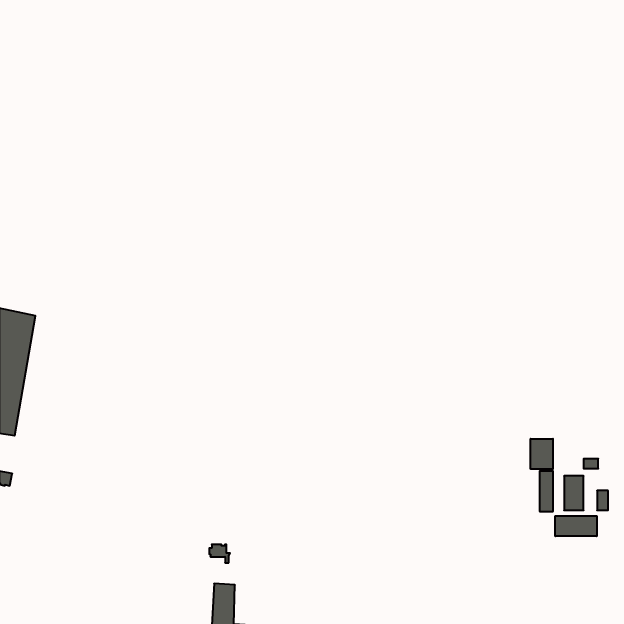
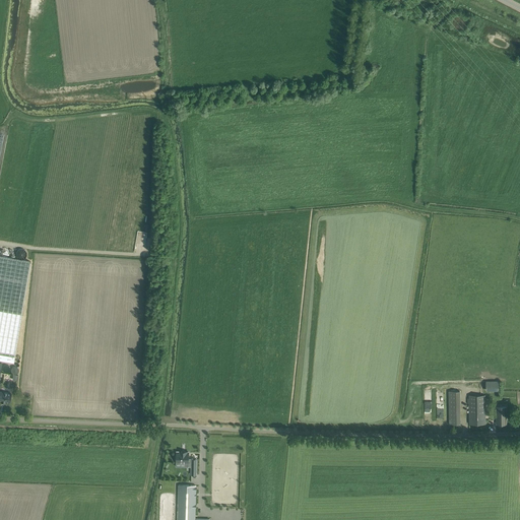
building: [531,439,553,469] -> none
building: [555,516,597,536] -> none

